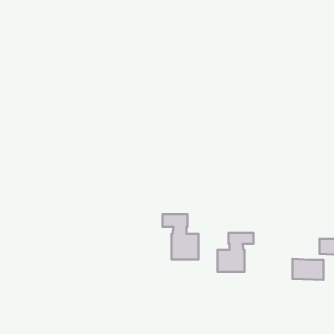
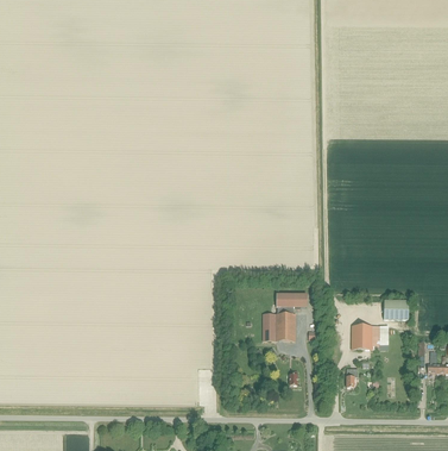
building: [162,214,199,260] -> none

